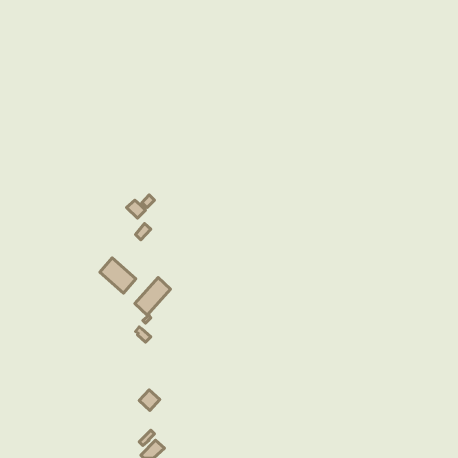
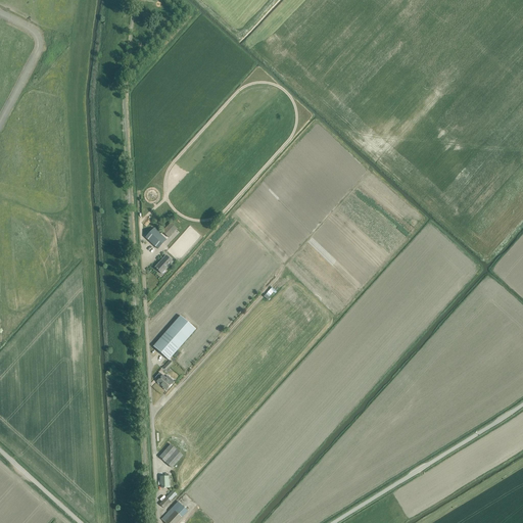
building: [100,258,136,293] -> none

